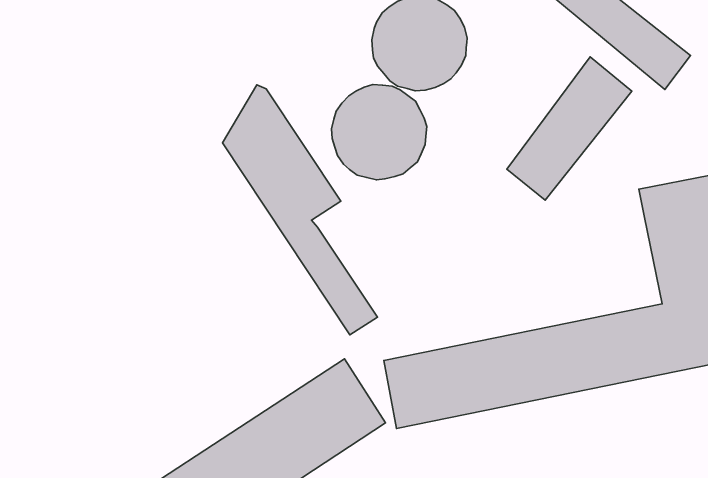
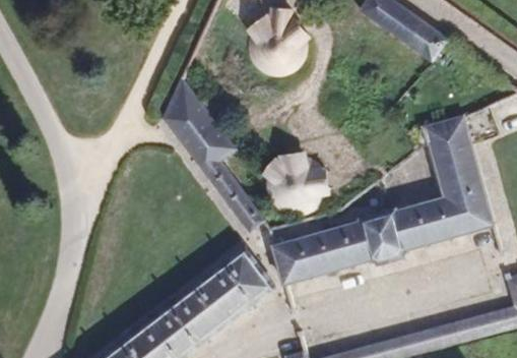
building: [507,57,632,200] -> none
building: [331,84,427,180] -> [265,156,324,215]

